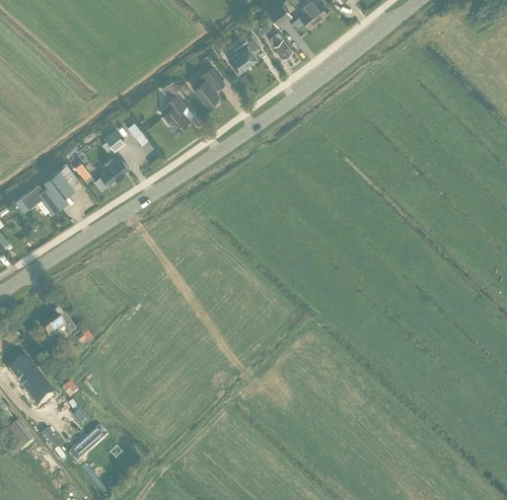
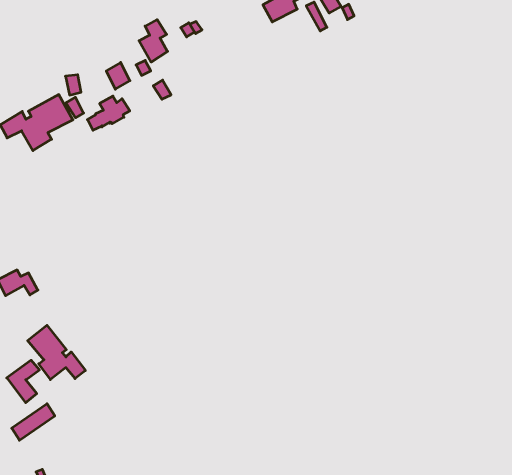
building: [194,67,224,105] -> none
building: [163,94,189,131] -> [139,20,168,62]
building: none -> [28,325,85,380]

